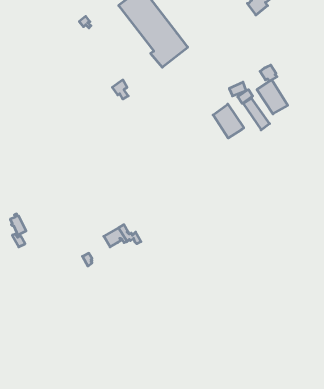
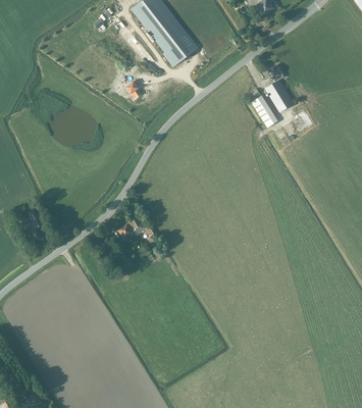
building: [213,104,244,138] -> none

